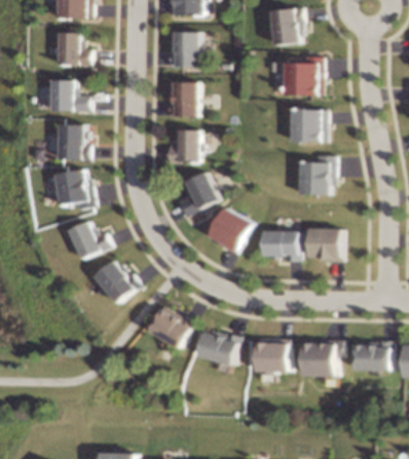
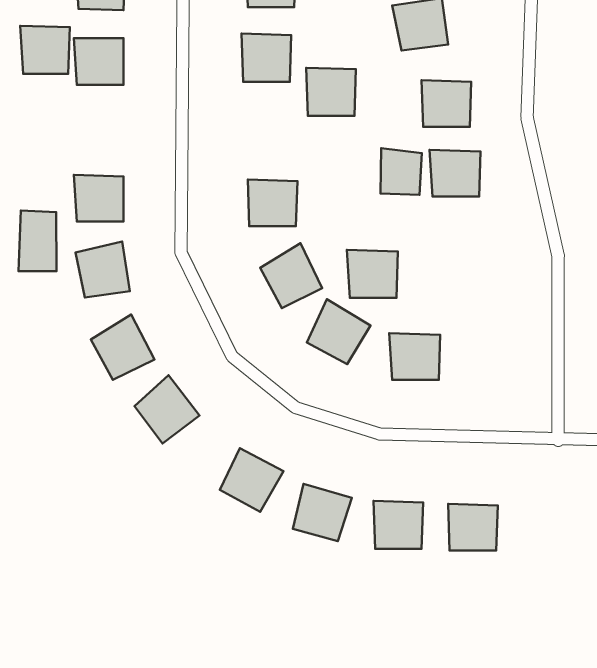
building: [50,79,83,111] -> [20,26,70,74]
building: [169,81,201,113] -> [306,68,356,116]
building: none -> [381,148,422,195]
building: none -> [19,210,56,271]
building: [299,161,333,193] -> [347,250,398,298]
building: [310,229,343,261] -> none
building: [356,343,389,374] -> none

